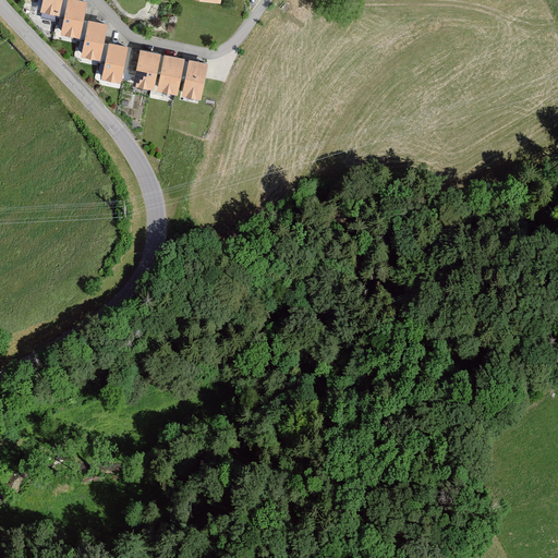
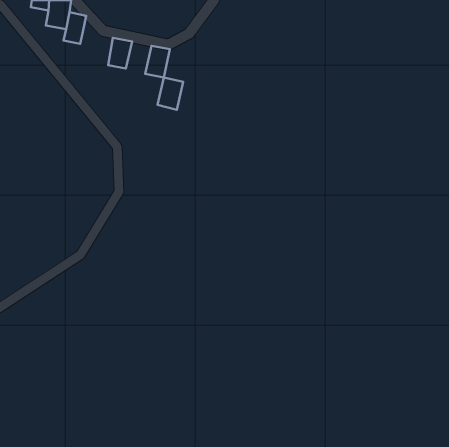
building: [95,43,129,83] -> none
building: [156,54,187,95] -> [158,77,183,110]

